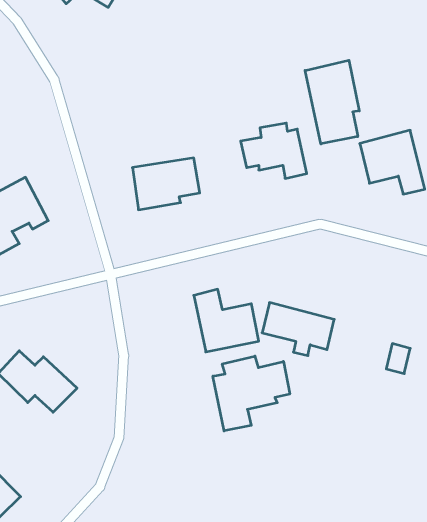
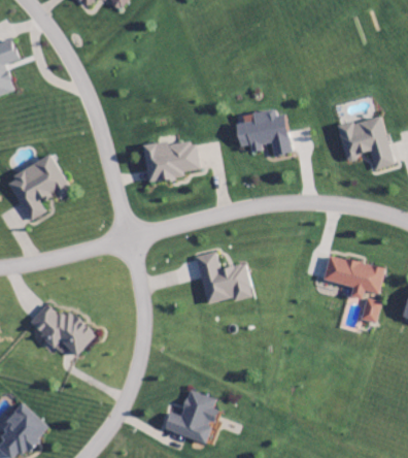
building: [305,60,359,144] -> none
building: [262,303,334,356] -> [324,254,385,299]
building: [213,356,290,431] -> none
building: none -> [164,390,218,444]

